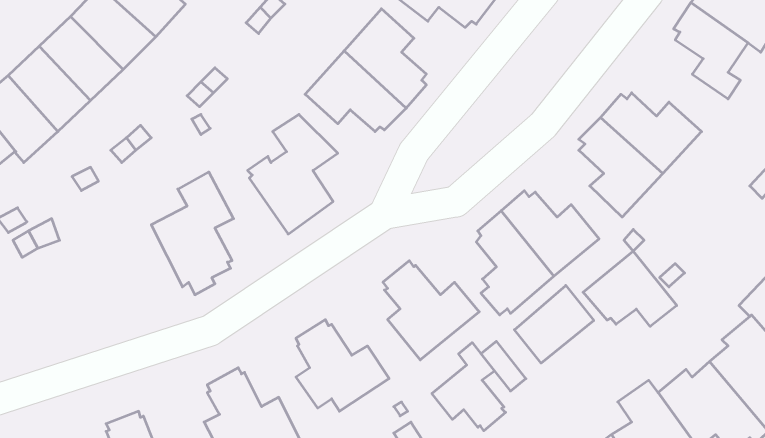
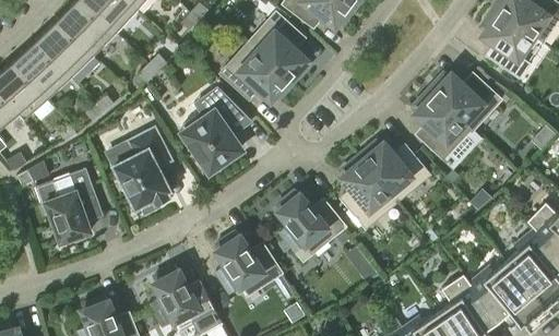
building: none -> [35,168,96,242]
building: [583,251,677,326] -> none
building: [514,285,594,363] -> none
building: [432,343,506,431] -> none

